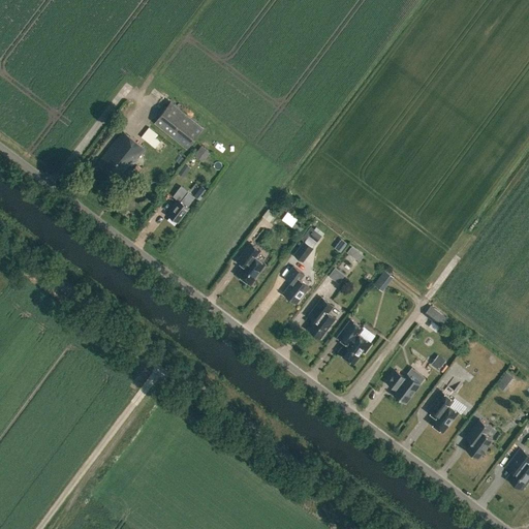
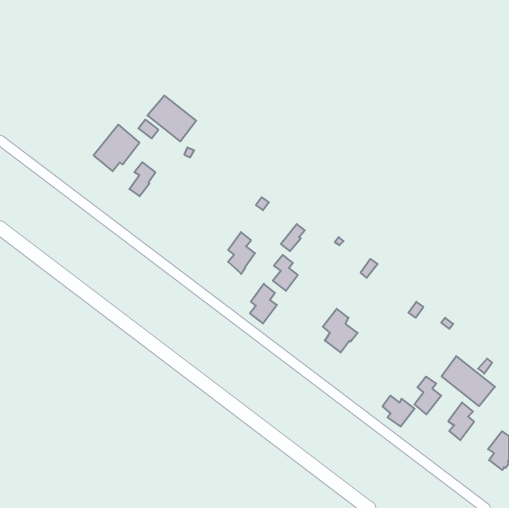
building: [167,185,194,220] -> [129,162,155,196]
building: [307,295,335,337] -> [250,284,277,324]
building: [386,369,419,401] -> [383,396,415,426]
building: none -> [442,356,495,406]

